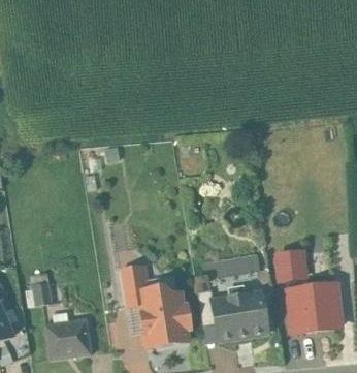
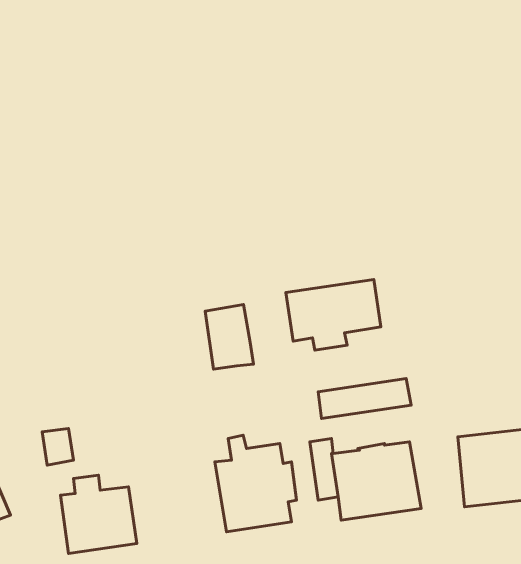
building: none -> [286,279,381,350]
building: [280,252,305,278] -> none
building: [121,267,151,307] -> [205,304,253,369]

